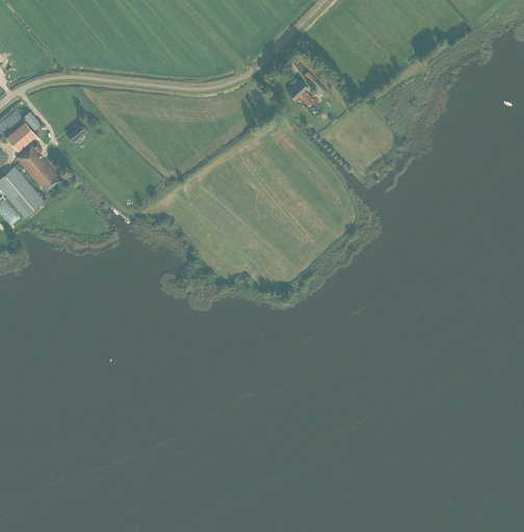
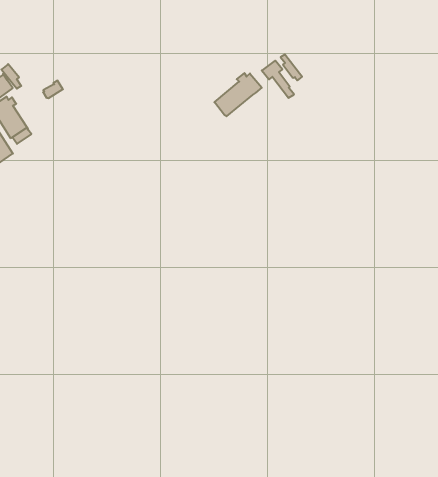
building: none -> [214,73,262,116]

